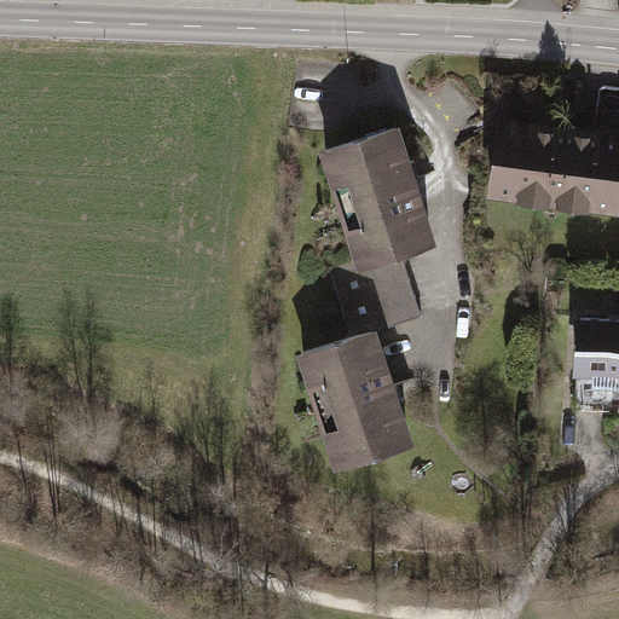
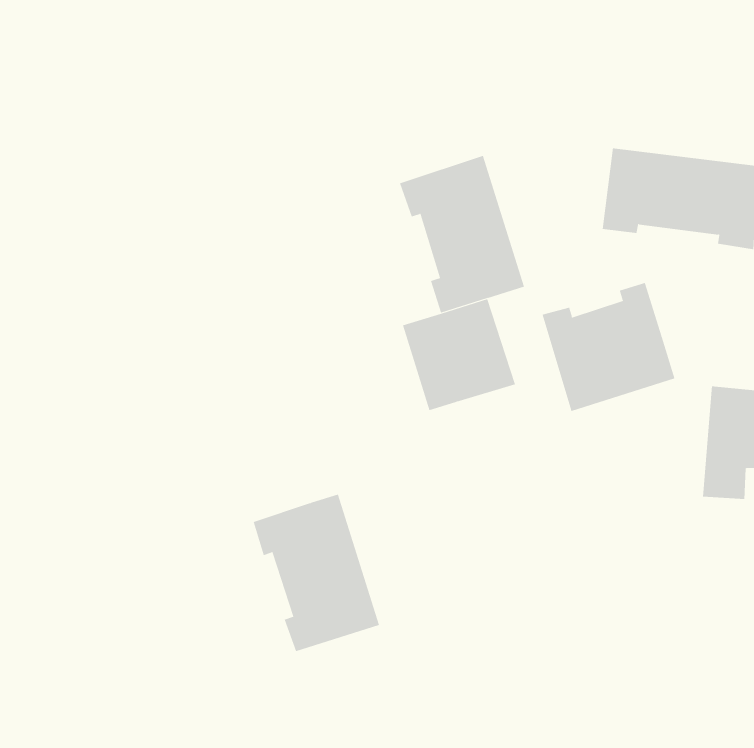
building: none -> [542,282,675,412]
building: [305,335,409,464] -> [253,494,380,652]

